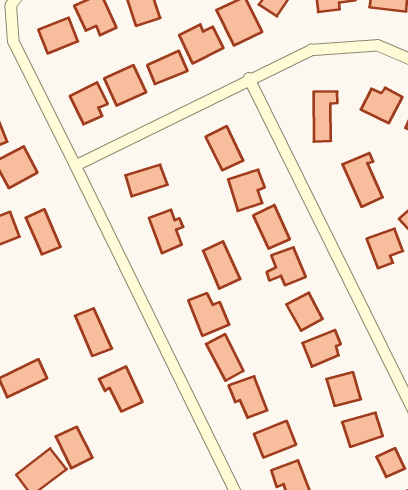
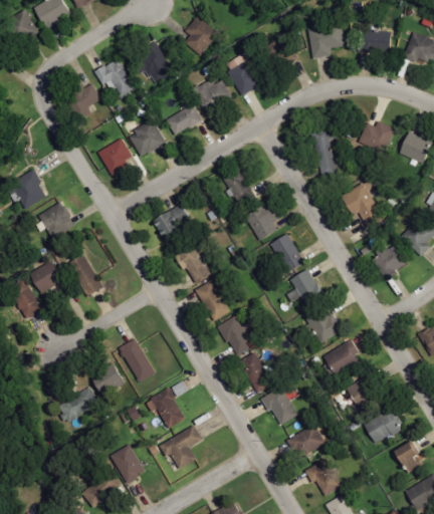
building: [203,241,240,289] -> [194,280,229,322]
building: none -> [91,361,127,397]
building: none -> [160,426,203,470]

